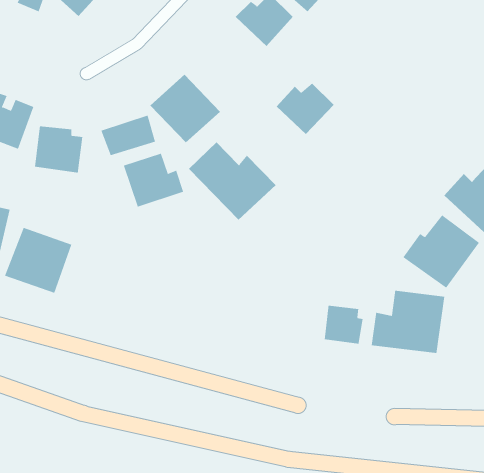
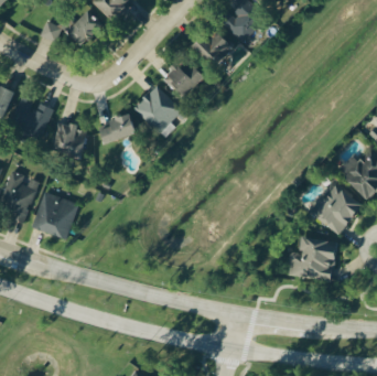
building: [276,83,334,135] -> [163,61,204,97]
building: [188,141,276,221] -> none
building: [123,153,184,208] -> none
building: [324,305,363,345] -> none

